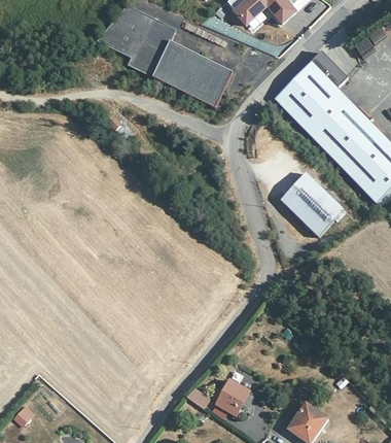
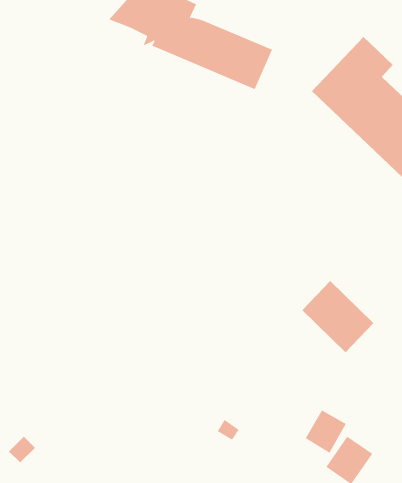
building: [278,176,341,239] -> [301,280,374,353]
building: [217,376,253,414] -> [305,410,347,454]

